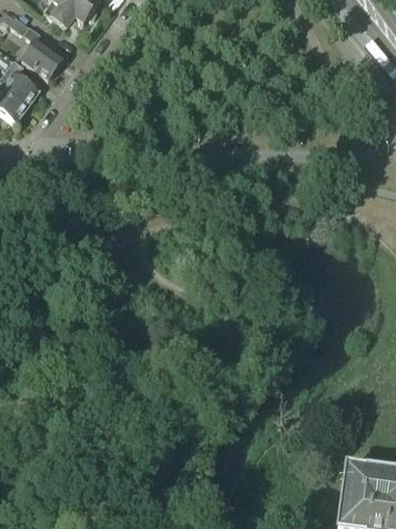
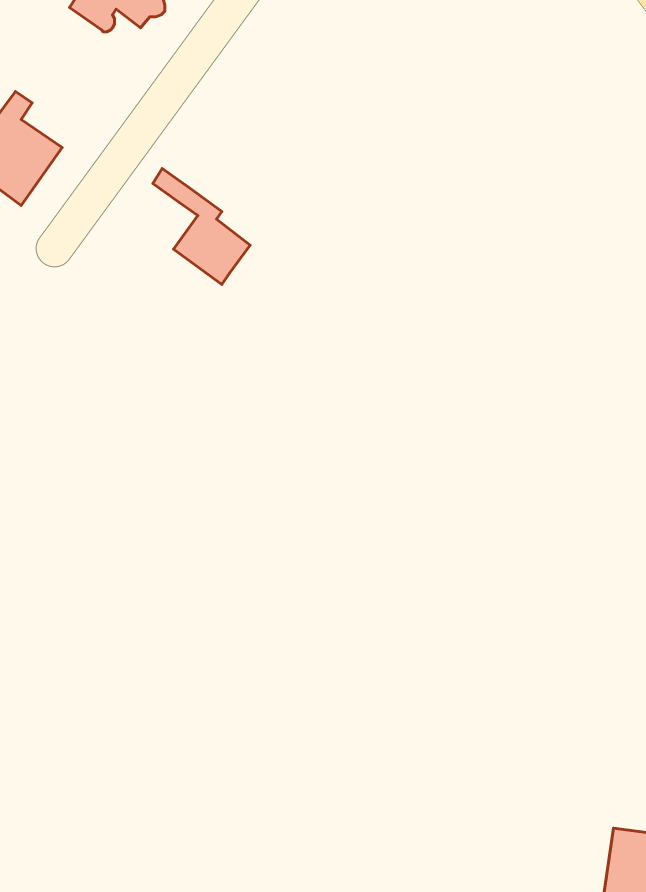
building: [9,16,63,80] -> [153,169,250,285]

